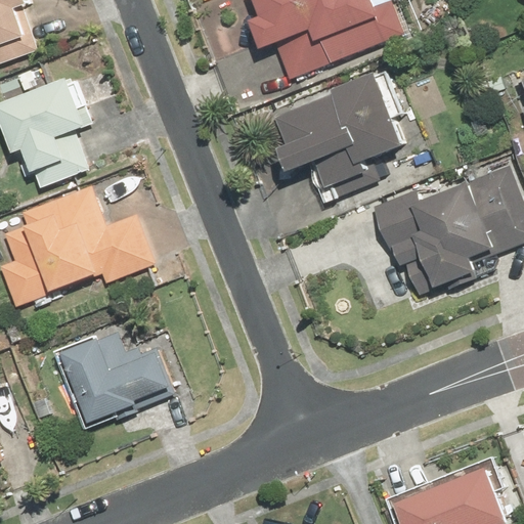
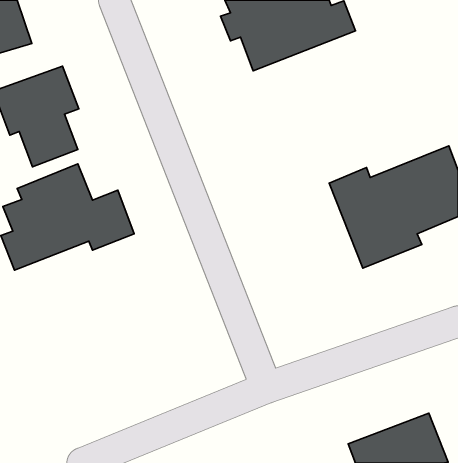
building: [274,76,400,202] -> none
building: [60,330,171,423] -> none

